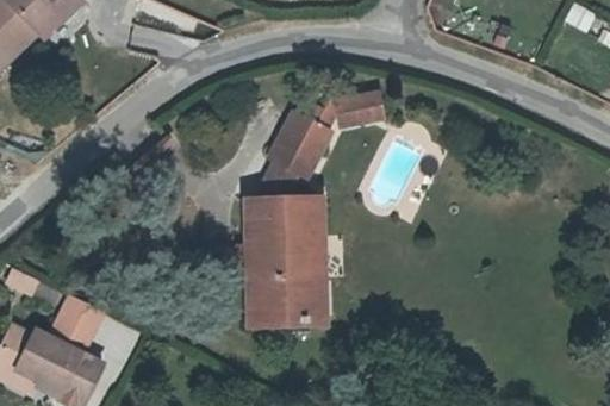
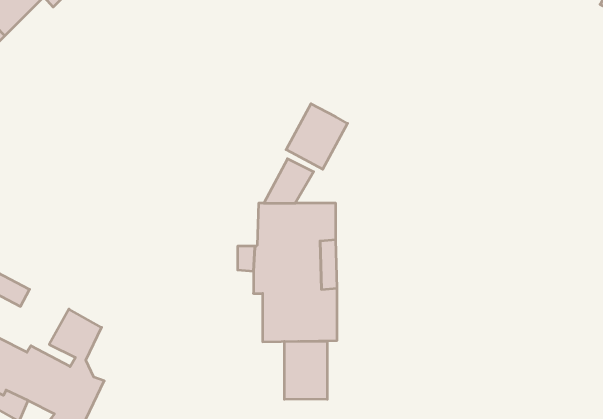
building: [319,86,387,129] -> none
building: none -> [284,341,327,399]

